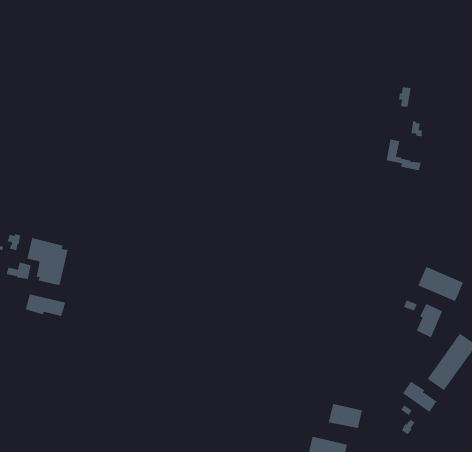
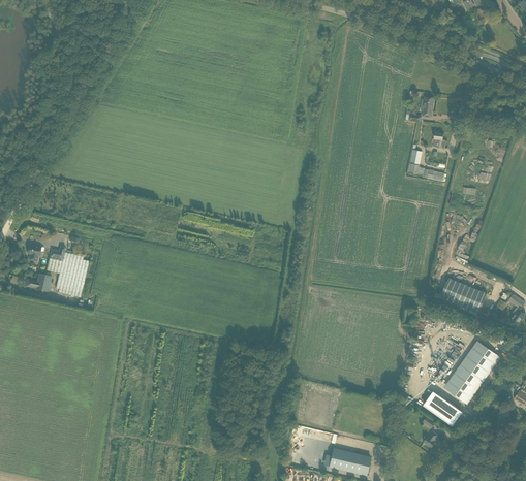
building: [25,293,66,317] -> none
building: [416,303,443,338] -> none
building: [328,403,362,429] -> none

